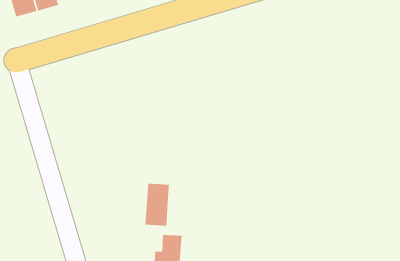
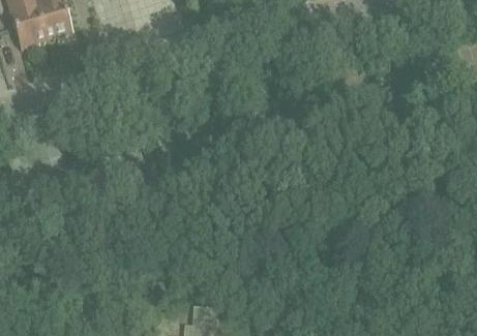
building: [145,183,170,226] -> none

